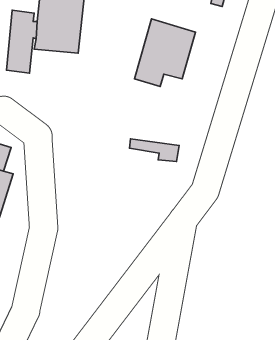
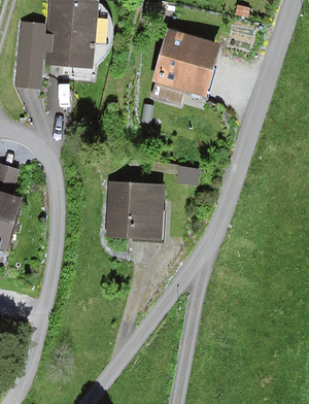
building: none -> [107,181,165,240]

